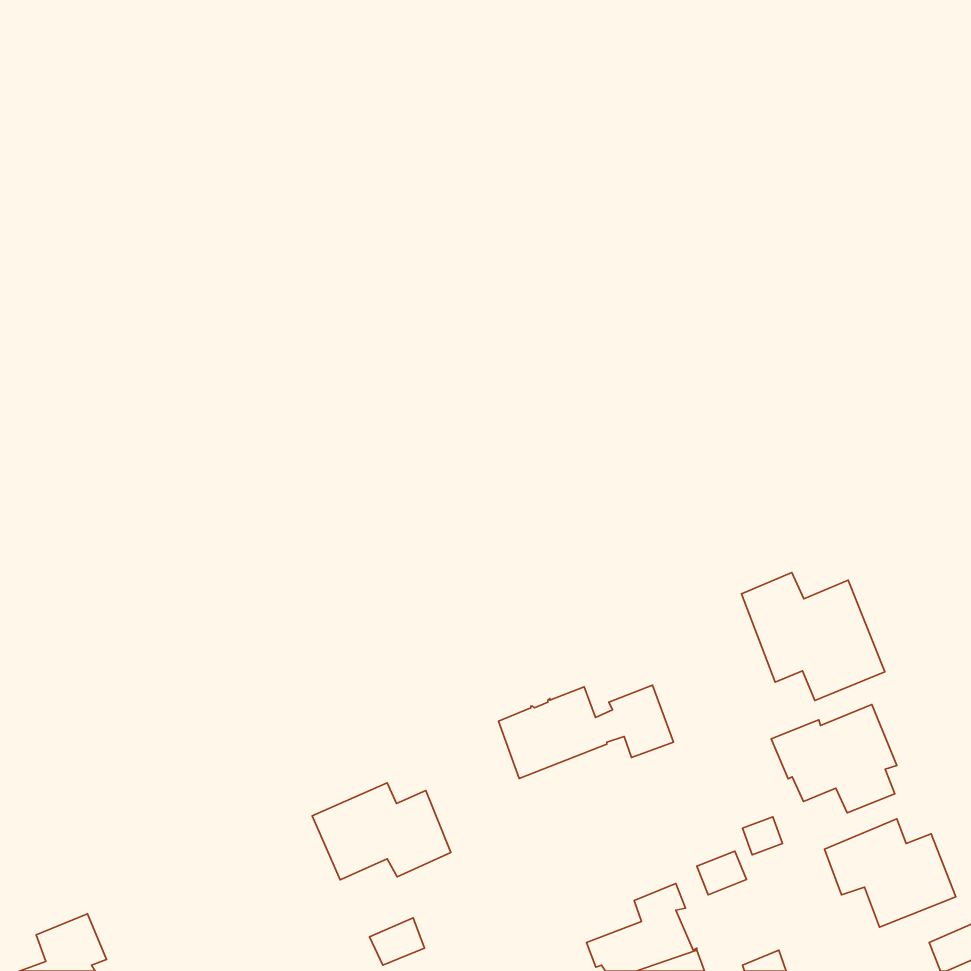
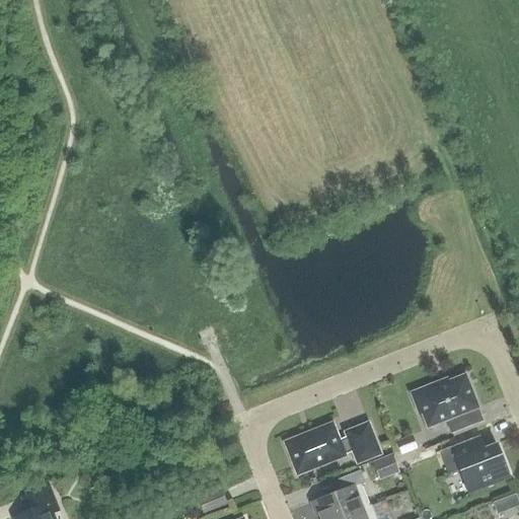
building: [741,572,885,700] -> none
building: [498,685,674,778] -> [287,424,380,473]
building: [312,783,451,880] -> none

